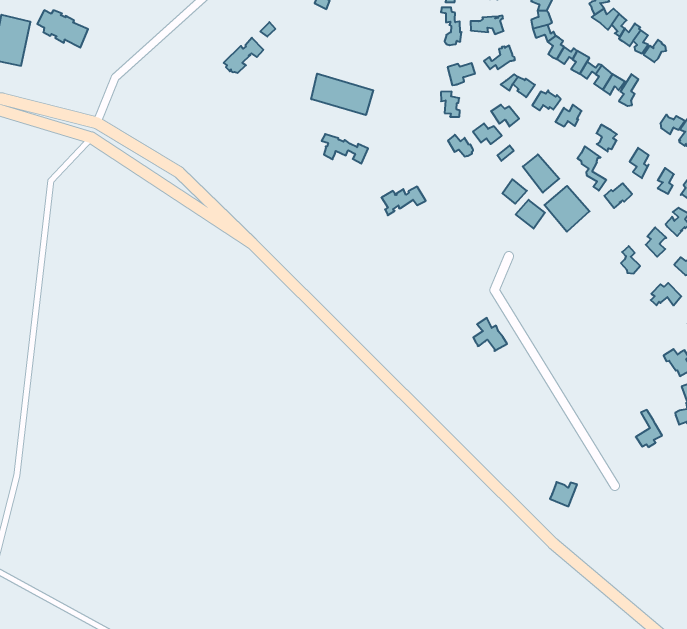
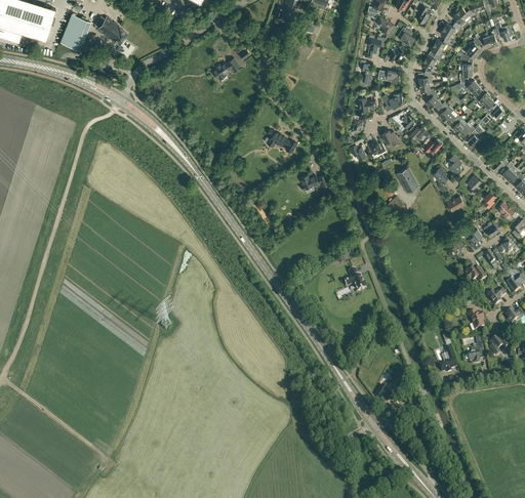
building: [311,74,373,115] -> none
building: [544,186,590,232] -> none

